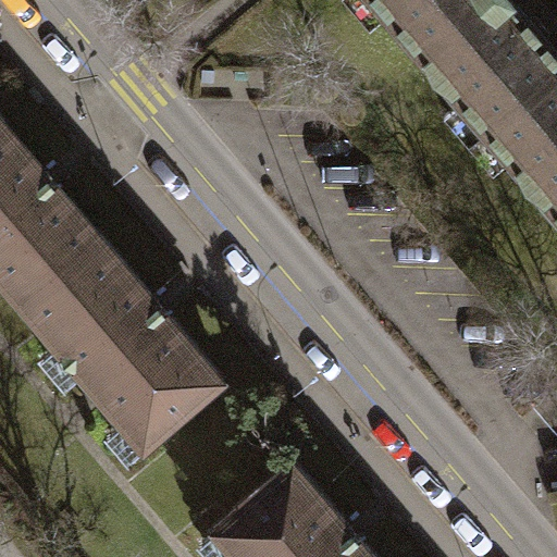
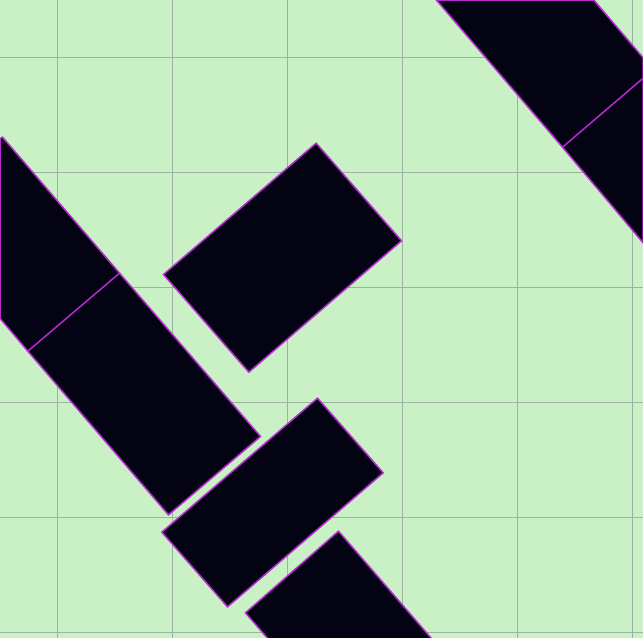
building: none -> [163,143,401,372]
building: none -> [162,398,383,607]

